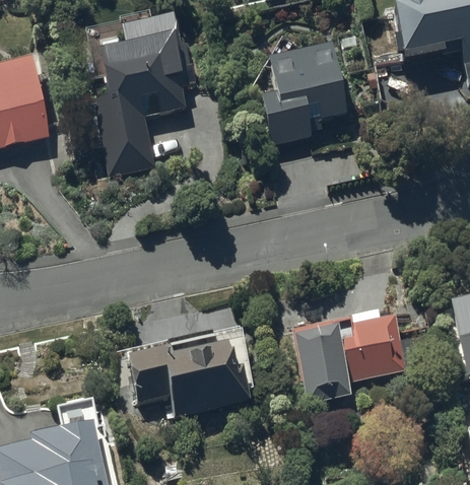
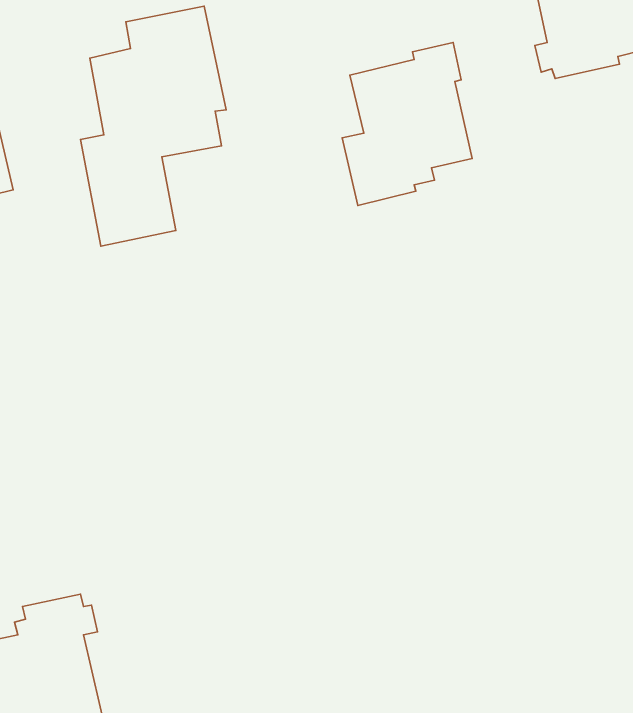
building: [288,310,417,404] -> none
building: [128,331,253,417] -> none

